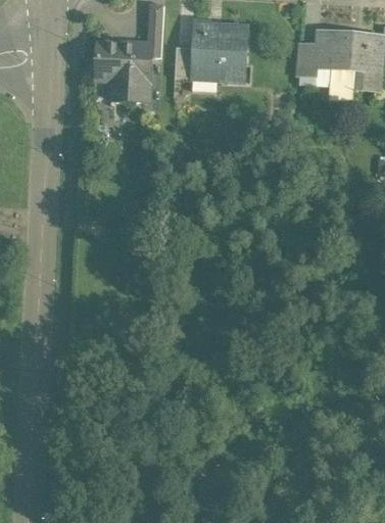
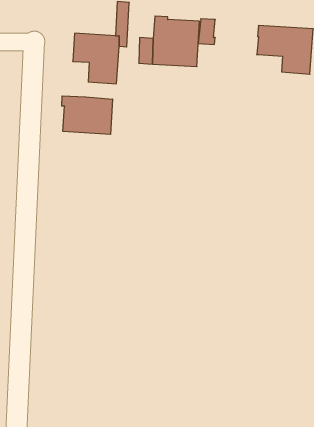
building: [297,44,318,75] -> [198,19,215,44]
building: none -> [62,96,113,134]

